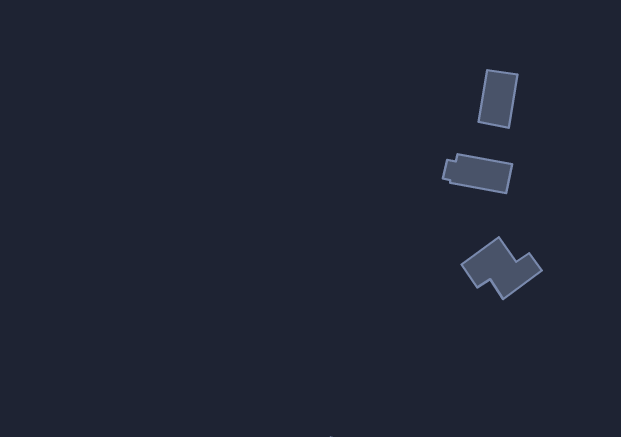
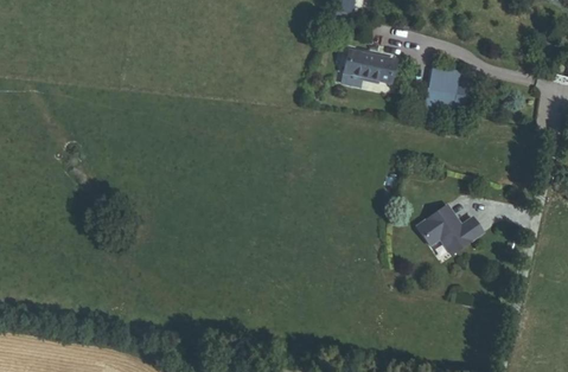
building: [443,154,512,193] -> [339,51,396,83]

